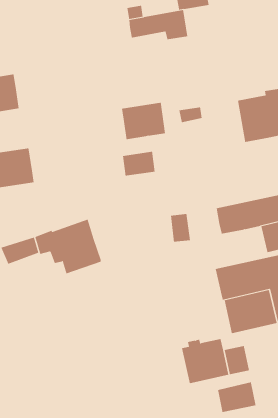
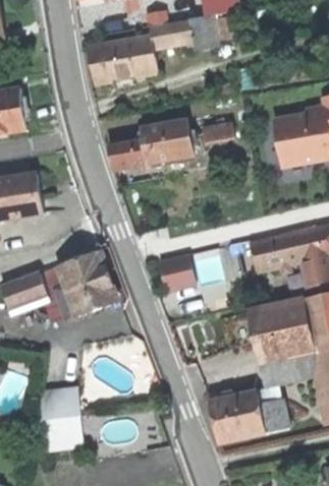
building: none -> [88,35,157,82]
building: [122,151,155,176] -> [108,139,146,168]
building: none -> [158,252,195,289]
building: none -> [37,393,84,448]
building: [218,382,256,413] -> none

